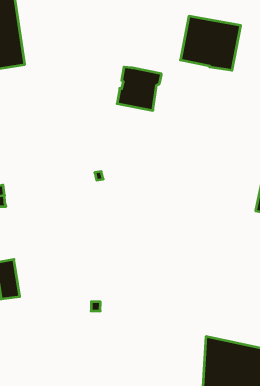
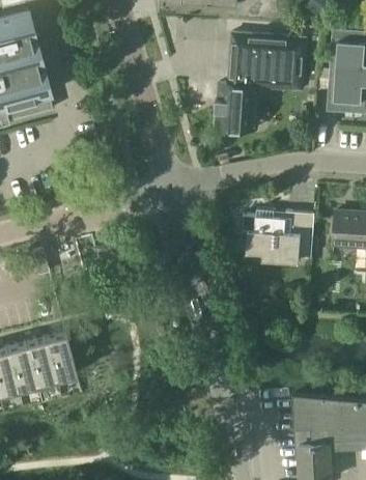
building: [117,67,161,110] -> [217,85,263,131]
building: none -> [243,210,315,263]

